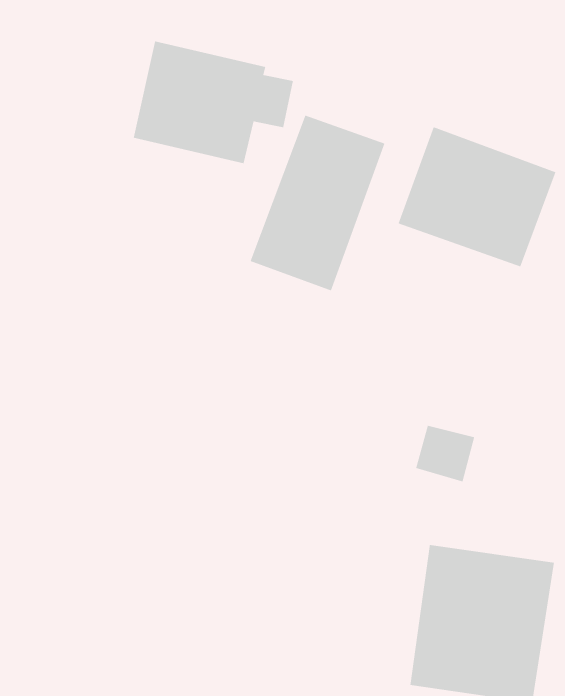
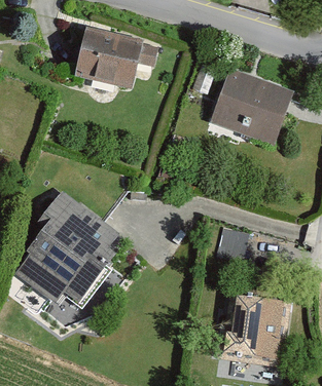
building: [249,114,386,292] -> none
building: none -> [17,190,119,302]

